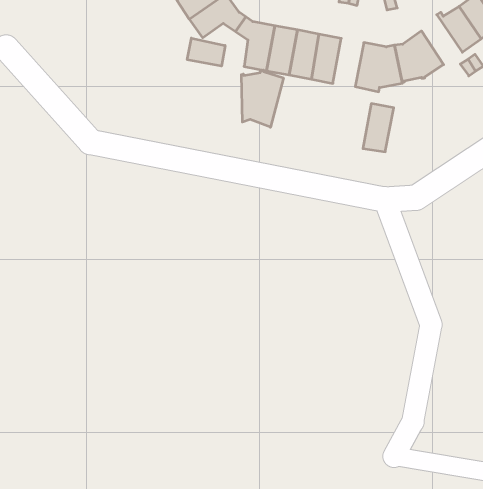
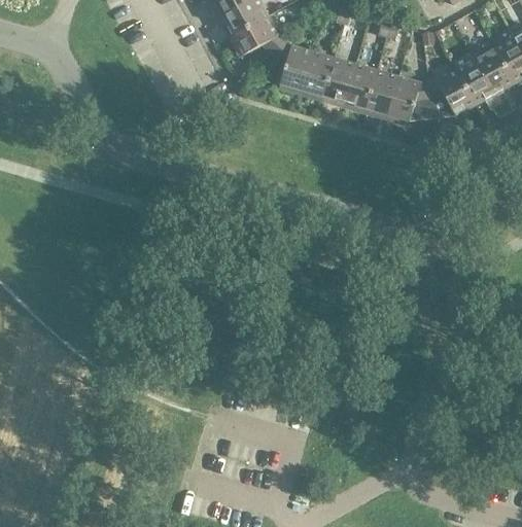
building: none -> [457,55,495,104]
building: [187,38,225,66] -> none
building: [241,70,283,127] -> none
building: [363,104,394,152] -> [366,69,399,117]

